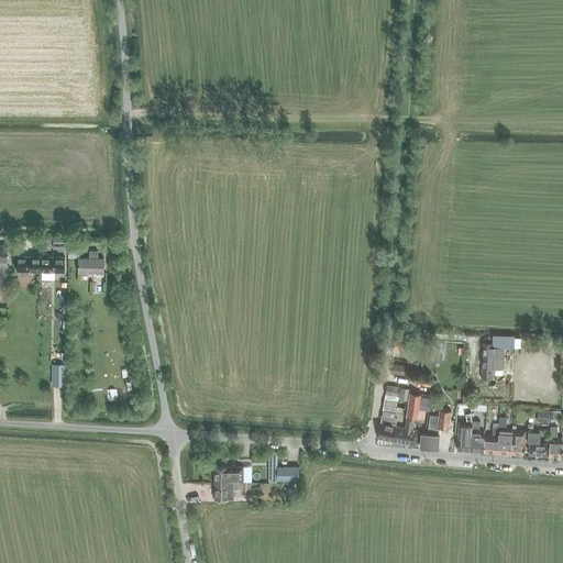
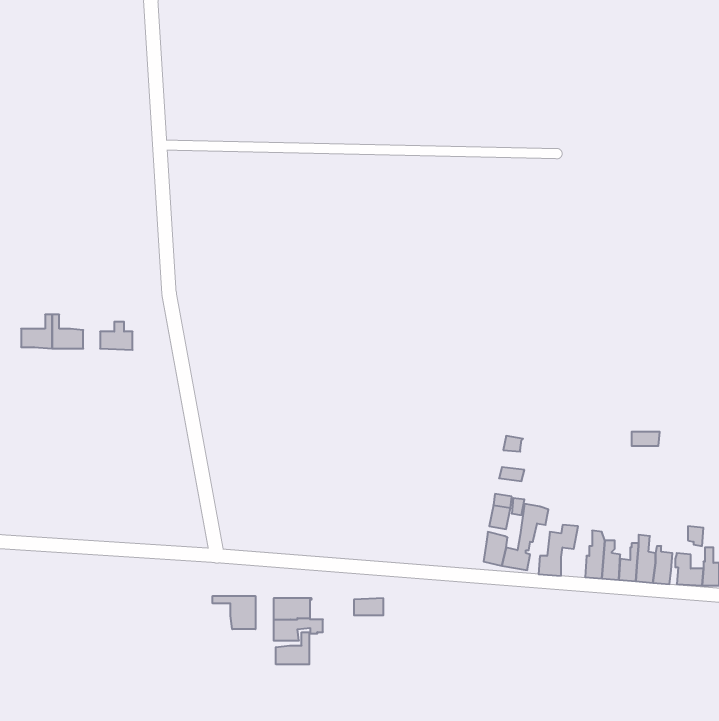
building: [483,343,504,372] -> none
building: none -> [213,596,255,629]
building: none -> [276,632,309,664]

